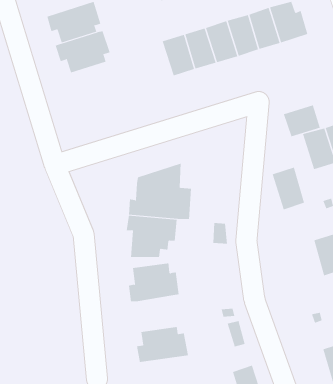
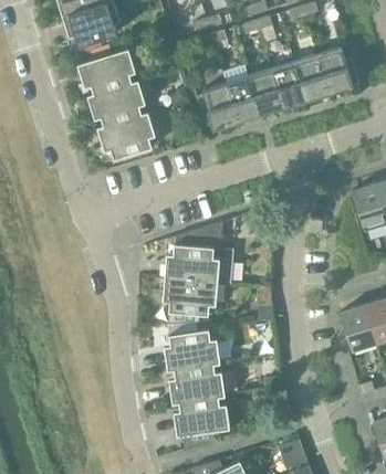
building: none -> [96,112,155,160]
building: [283,105,321,137] -> none
building: [272,167,305,210] -> [340,305,375,351]
building: none -> [169,365,225,404]

